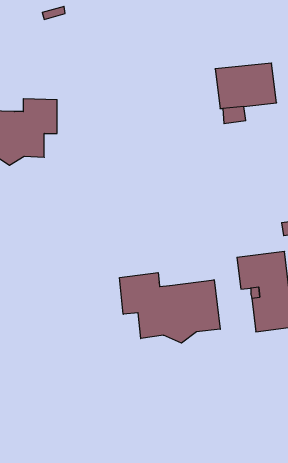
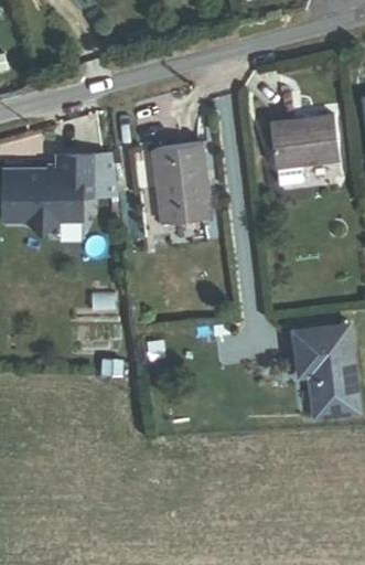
building: none -> [154,143,210,222]
building: [120,273,220,343] -> none

